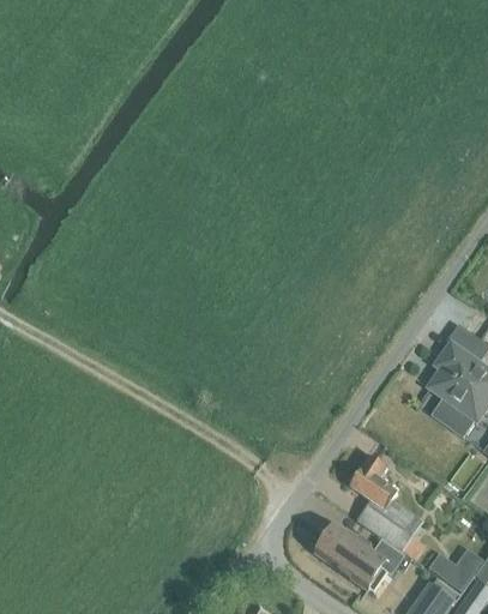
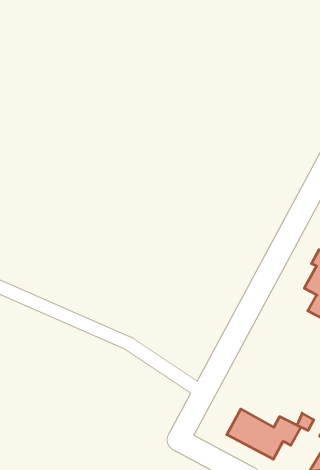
building: [350,456,405,537] -> none

